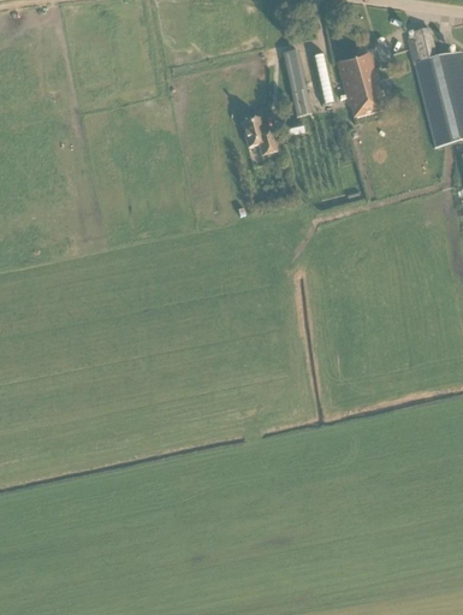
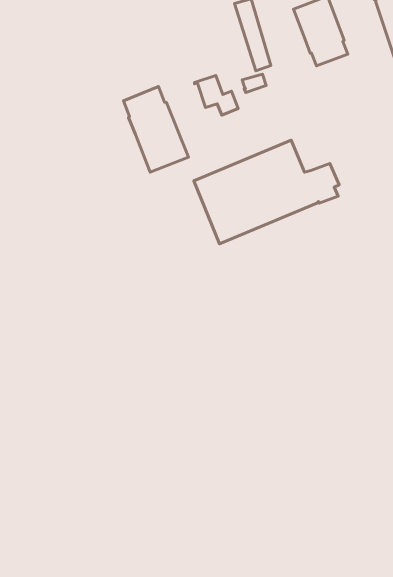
building: none -> [123,86,189,172]
building: none -> [194,140,339,244]

